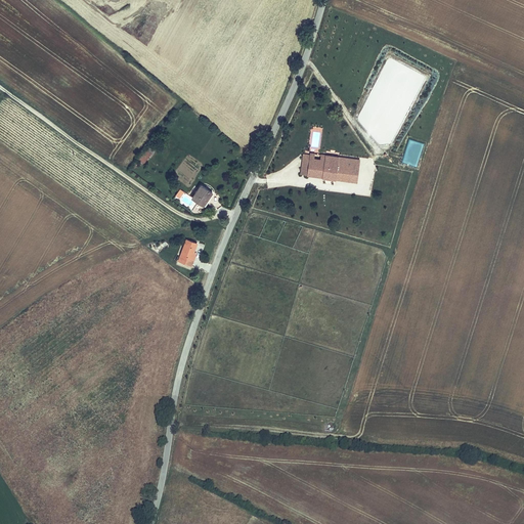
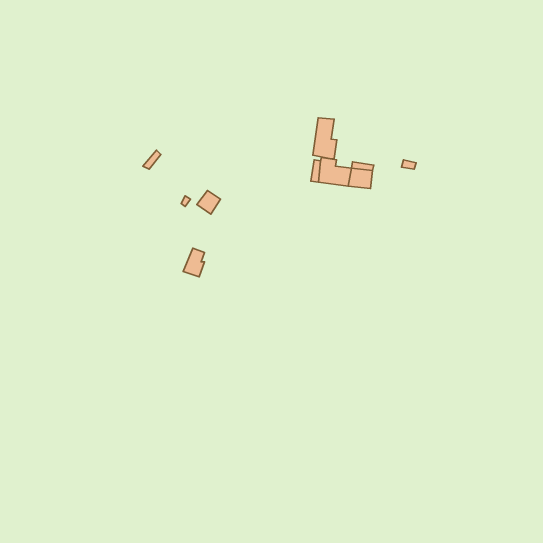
building: none -> [313,118,337,159]

